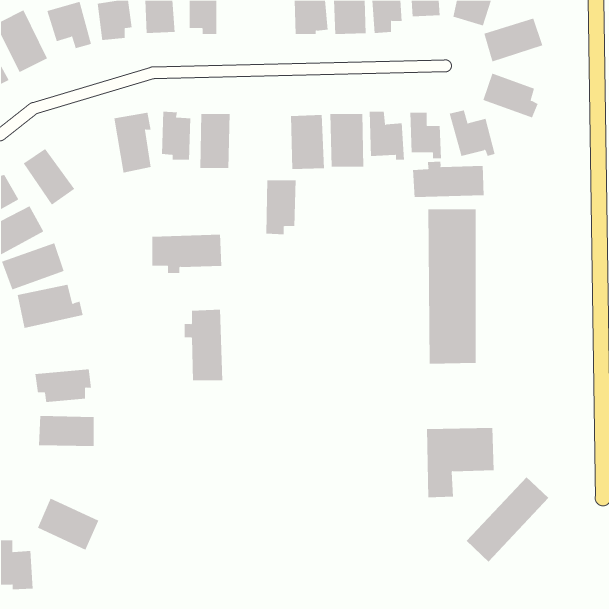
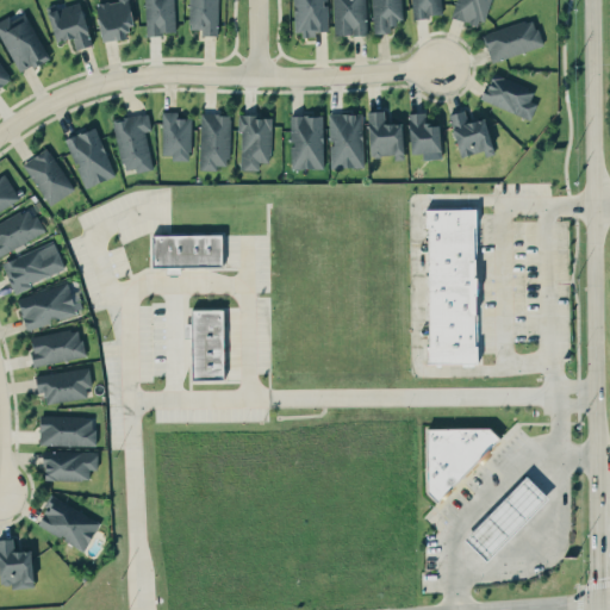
building: none -> [67,127,116,188]
building: [412,161,484,198] -> none
building: [265,180,296,235] -> [241,117,272,172]
building: none -> [30,329,86,367]
building: none -> [44,452,99,481]

